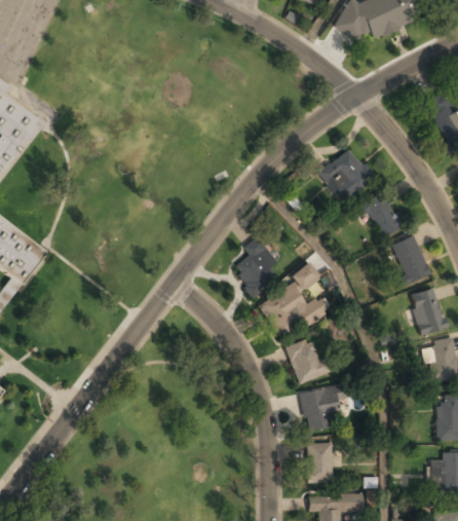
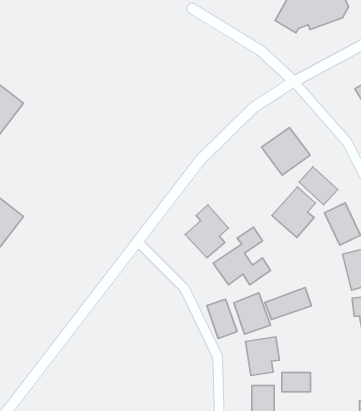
building: none -> [272,187,316,237]
building: none -> [265,287,311,319]
building: none -> [207,299,237,339]
building: none -> [282,372,311,392]

